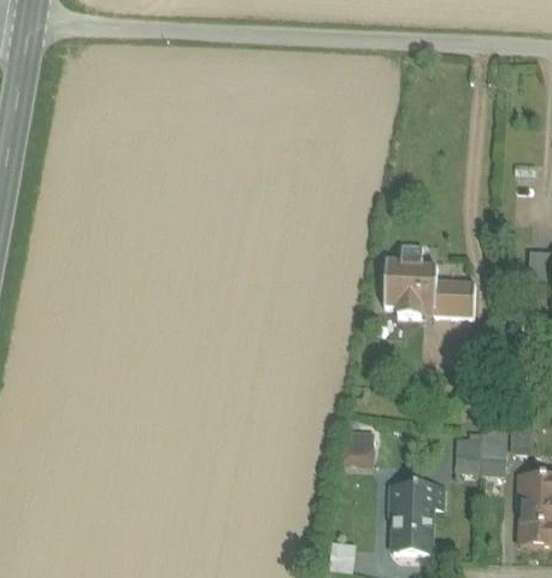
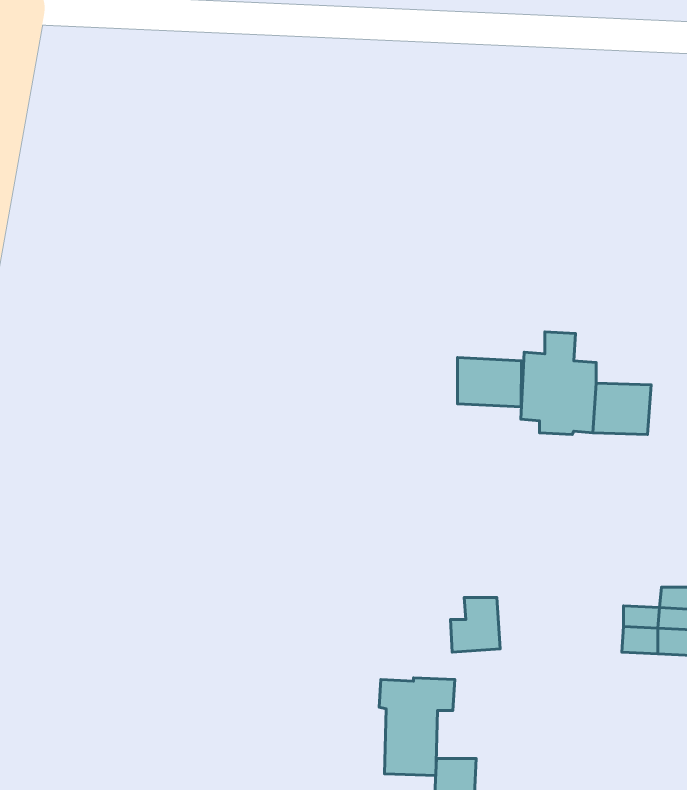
building: none -> [457,358,521,407]
building: [389,482,442,550] -> [379,678,455,776]

